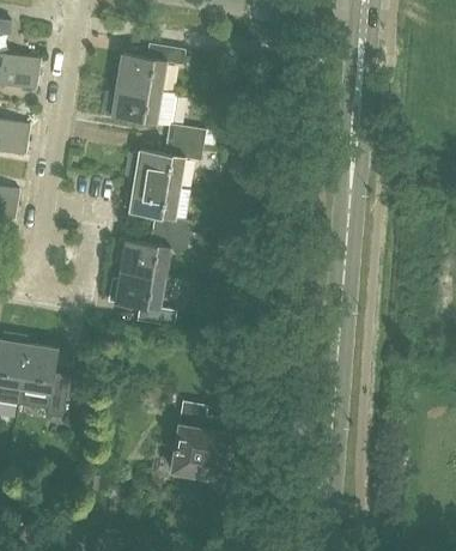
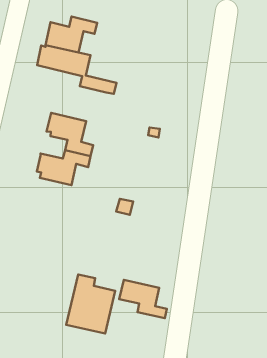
building: [129,141,203,189] -> none
building: [108,272,175,328] -> none
building: none -> [119,280,167,318]

